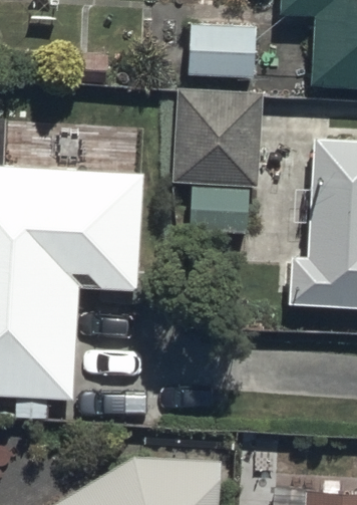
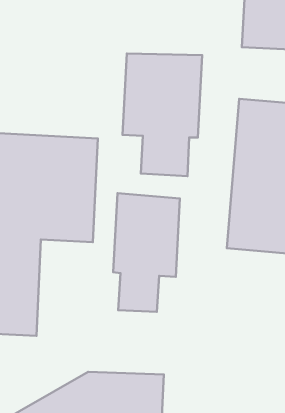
building: none -> [113,193,180,312]

